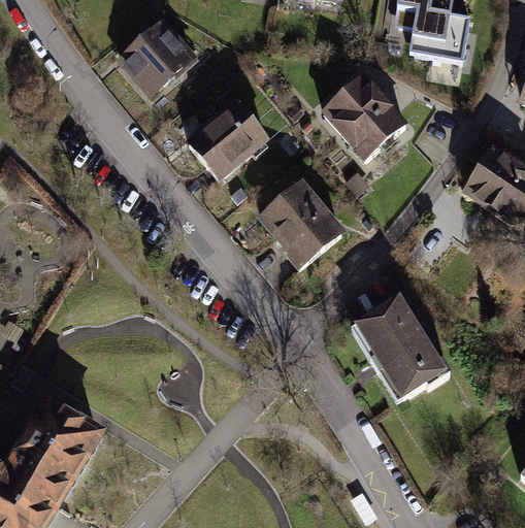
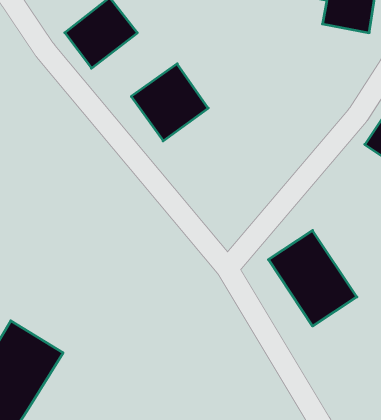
building: [322,73,411,165] -> none
building: [258,178,349,269] -> none

